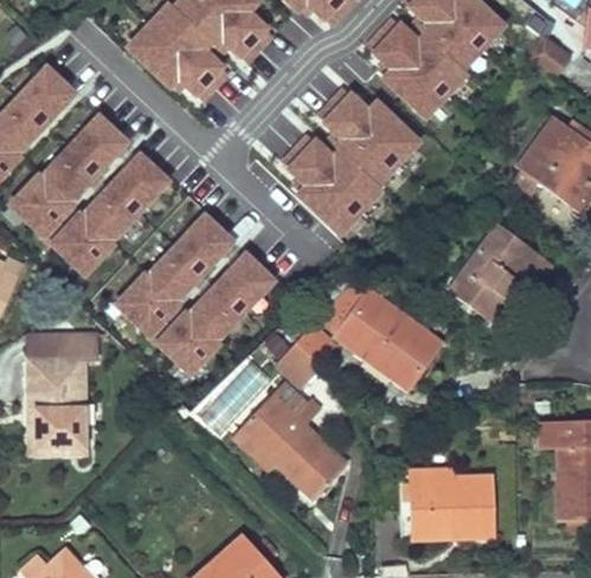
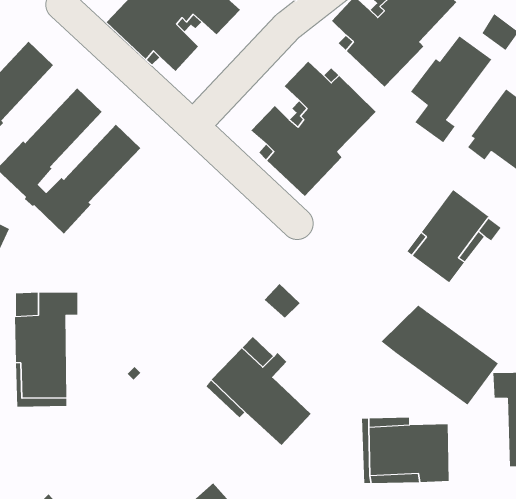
building: none -> [410,35,492,143]
building: [116,216,272,373] -> none
building: [317,282,444,390] -> [381,305,499,406]
building: [277,342,323,388] -> none
building: [192,360,275,439] -> none

